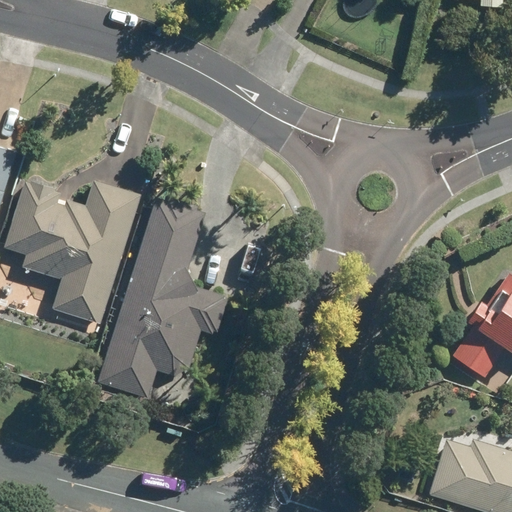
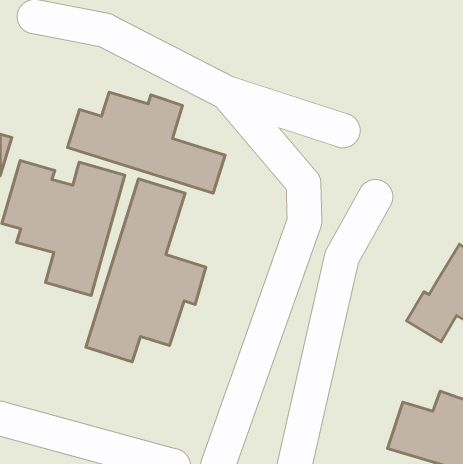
building: none -> [67,92,225,193]

